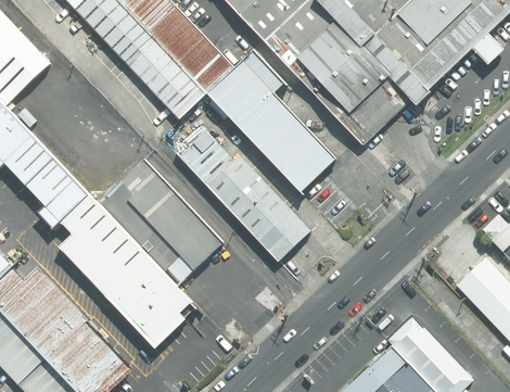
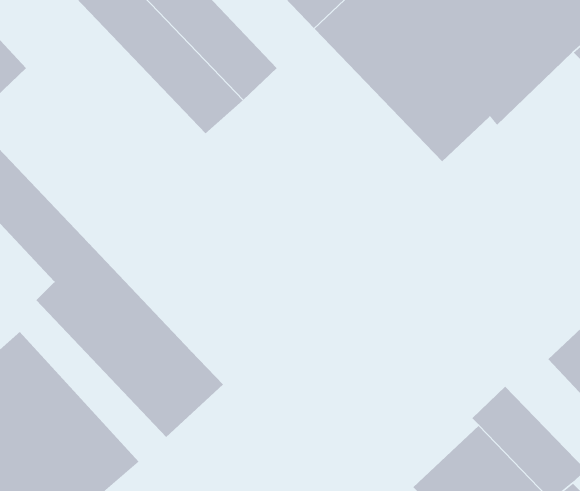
building: [214,46,344,189] -> none
building: [168,121,305,264] -> none
building: [94,161,216,283] -> none

